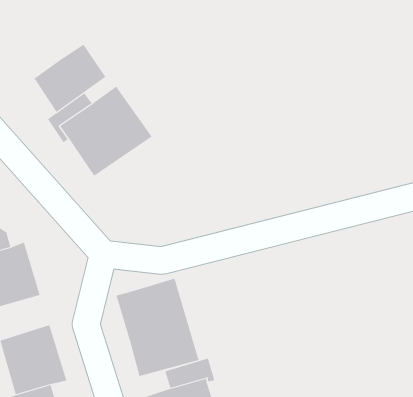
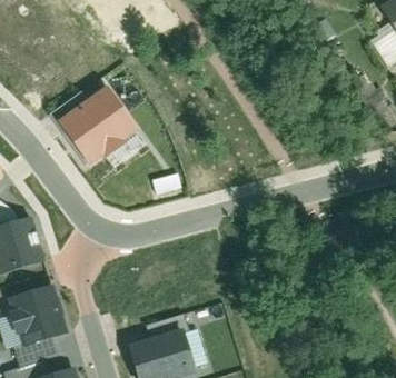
building: [33,44,106,113] -> none
building: [116,278,199,377] -> none

